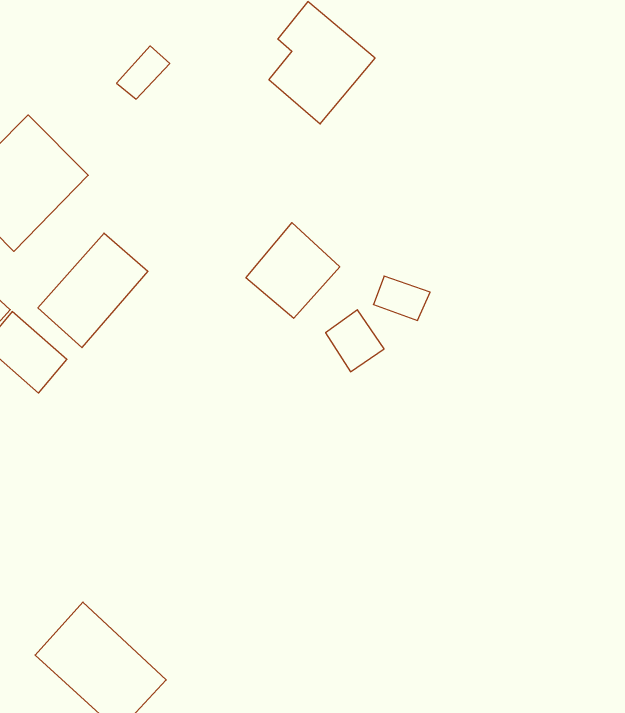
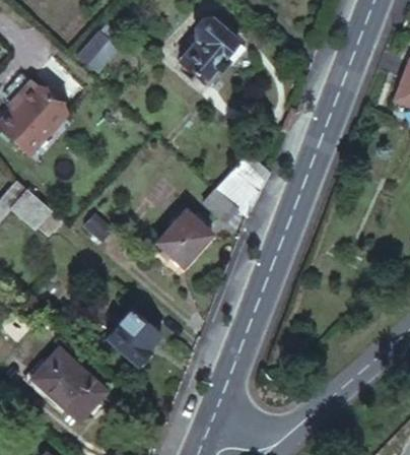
building: [246,223,340,318] -> [157,208,211,263]
building: [38,233,148,348] -> none
building: none -> [102,308,159,369]

